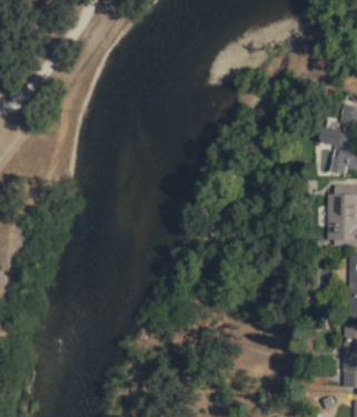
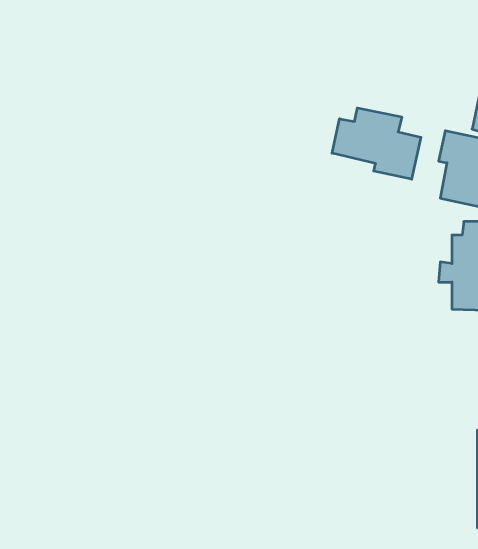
building: none -> [332,108,421,179]

